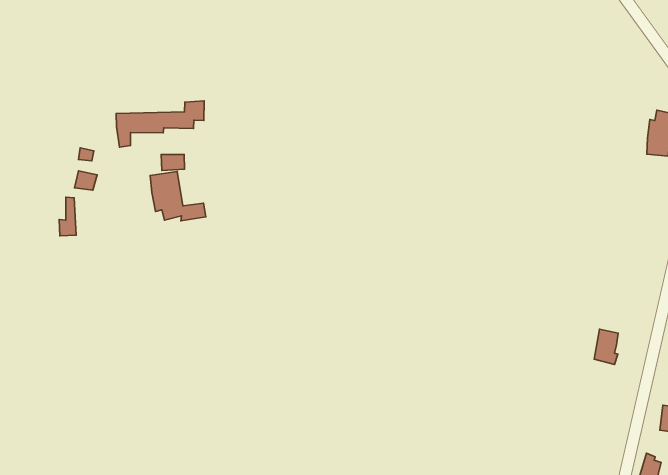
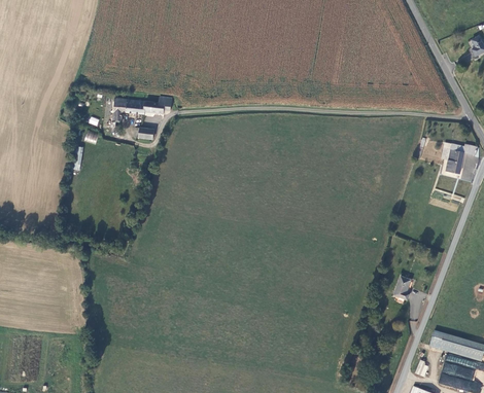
building: [150,171,206,221] -> none

